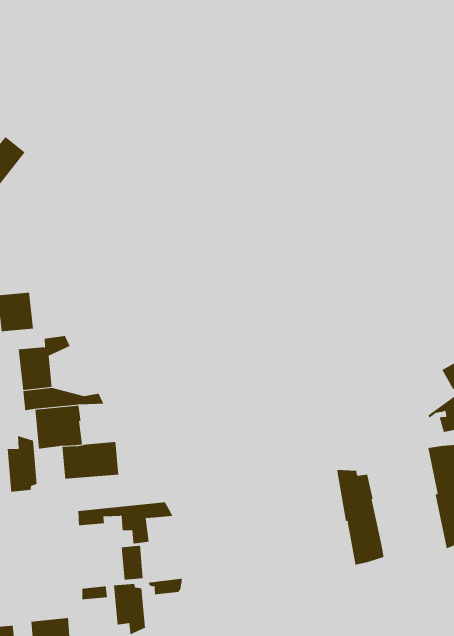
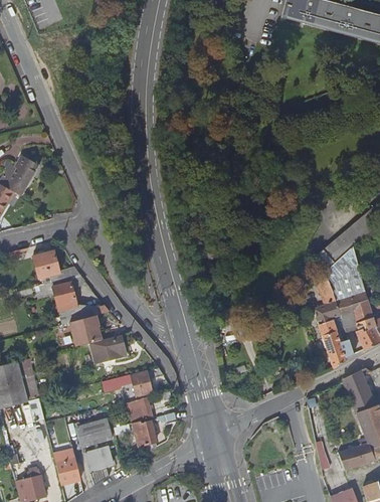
building: [7,435,37,493] -> none
building: [336,469,384,566] -> none
building: none -> [78,420,113,447]

